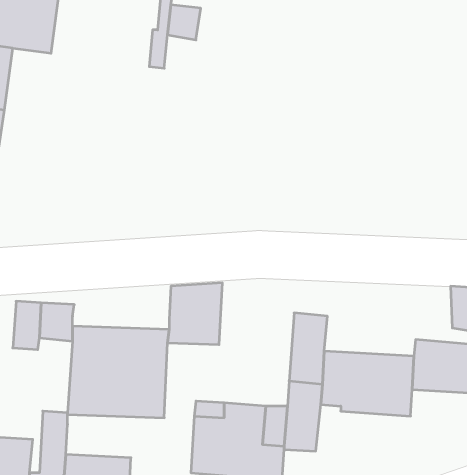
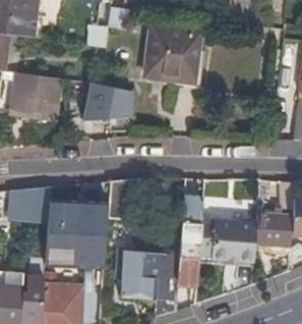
building: none -> [144,25,199,82]
building: none -> [9,73,58,122]
building: none -> [81,83,132,123]

